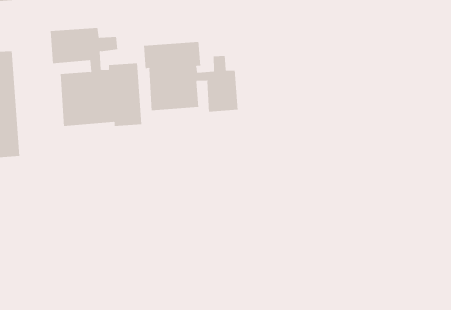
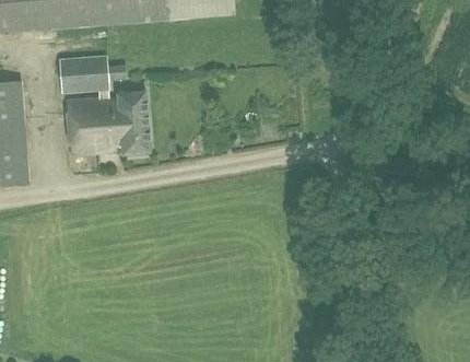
building: [143,41,238,113] -> none

